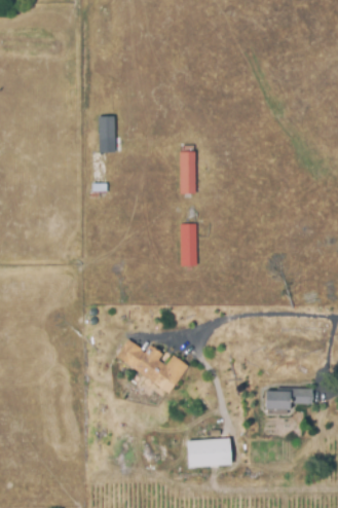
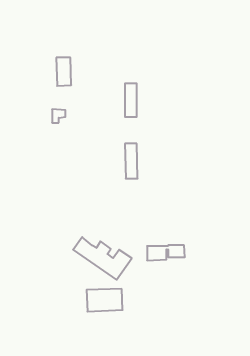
building: [267,390,313,408] -> [147,245,185,260]
building: [185,439,229,467] -> [87,289,123,312]

